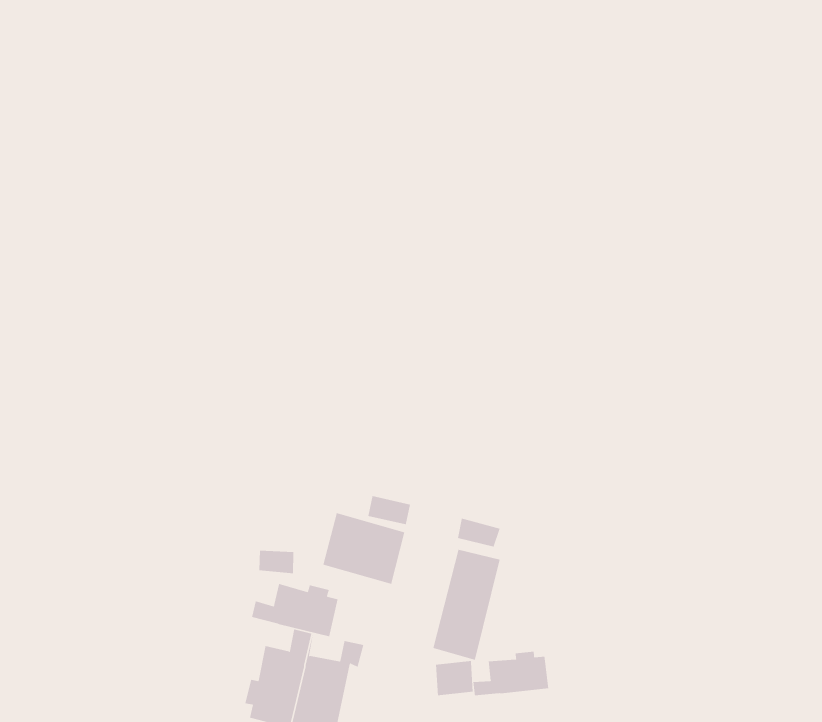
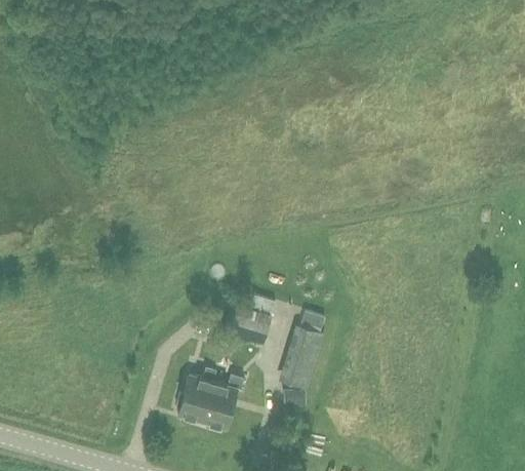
building: [251,583,338,637] -> none
building: [473,651,549,696] -> none

